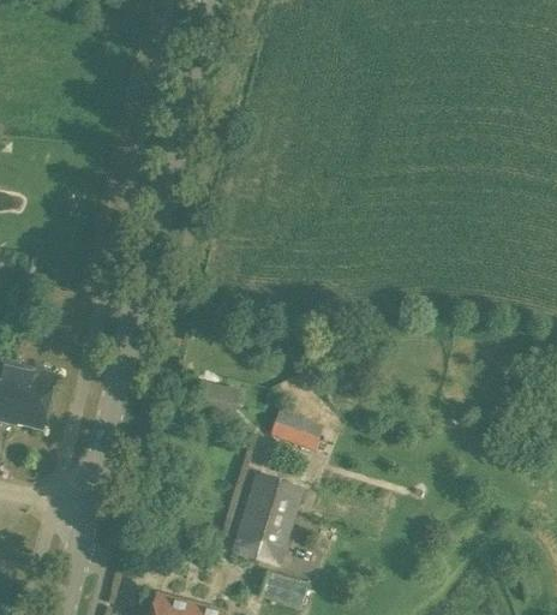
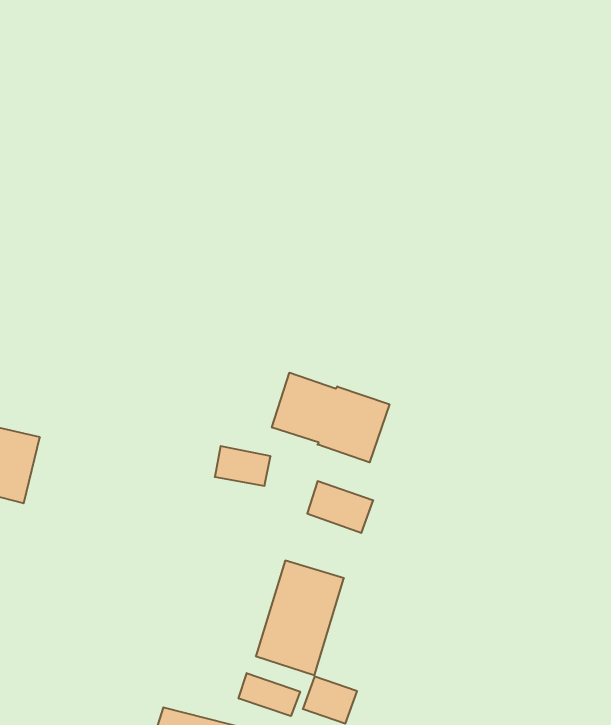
building: none -> [272,373,389,462]
building: none -> [239,673,300,716]

